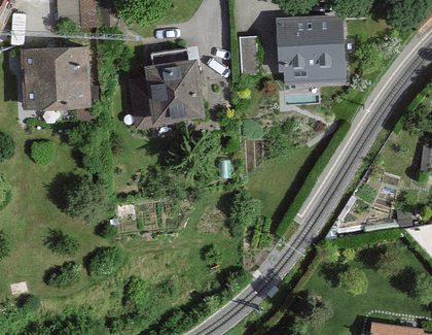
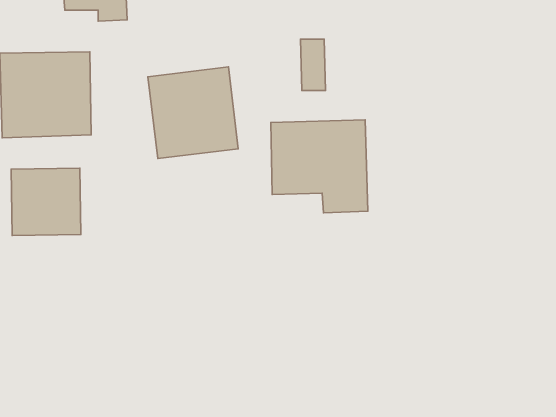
building: [271,18,343,87] -> [271,120,368,213]
building: none -> [11,168,81,236]

